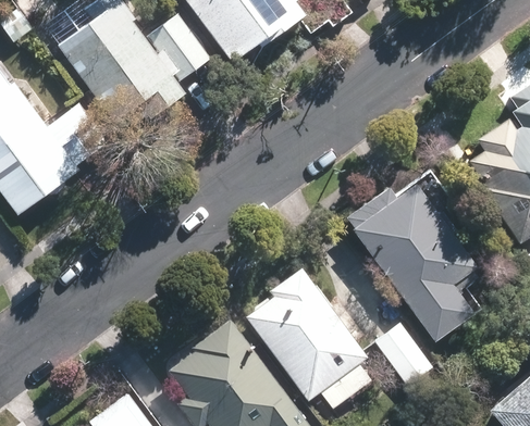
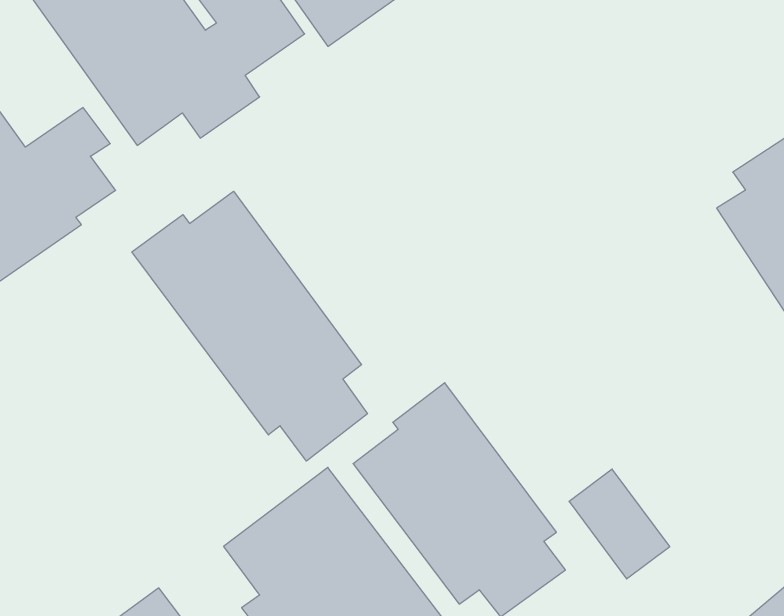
building: none -> [132,191,367,461]
building: [341,183,481,343] -> none

